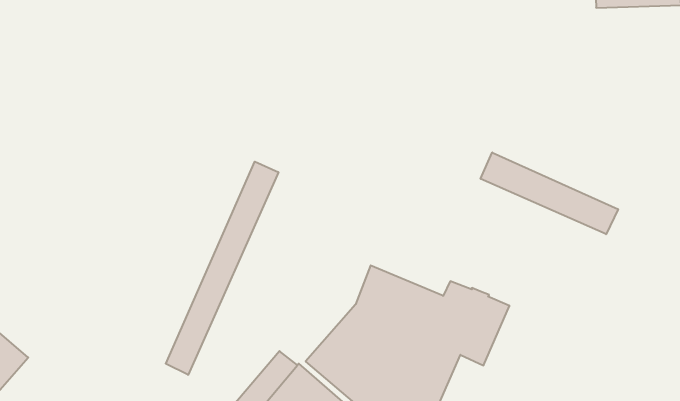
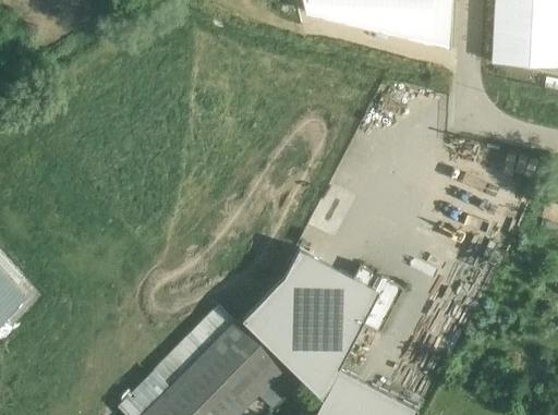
building: [481,152,618,234] -> none
building: [166,162,278,375] -> none

